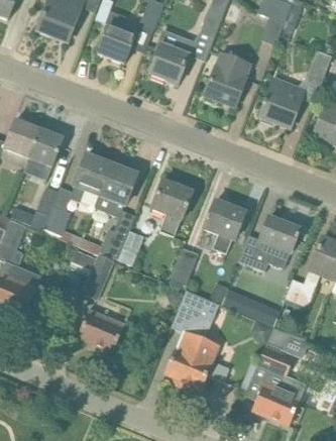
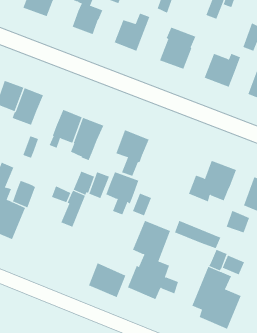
building: [204,200,245,253] -> [105,171,139,215]
building: [42,204,72,238] -> [12,180,36,208]
building: [78,308,124,351] -> [88,262,126,298]

